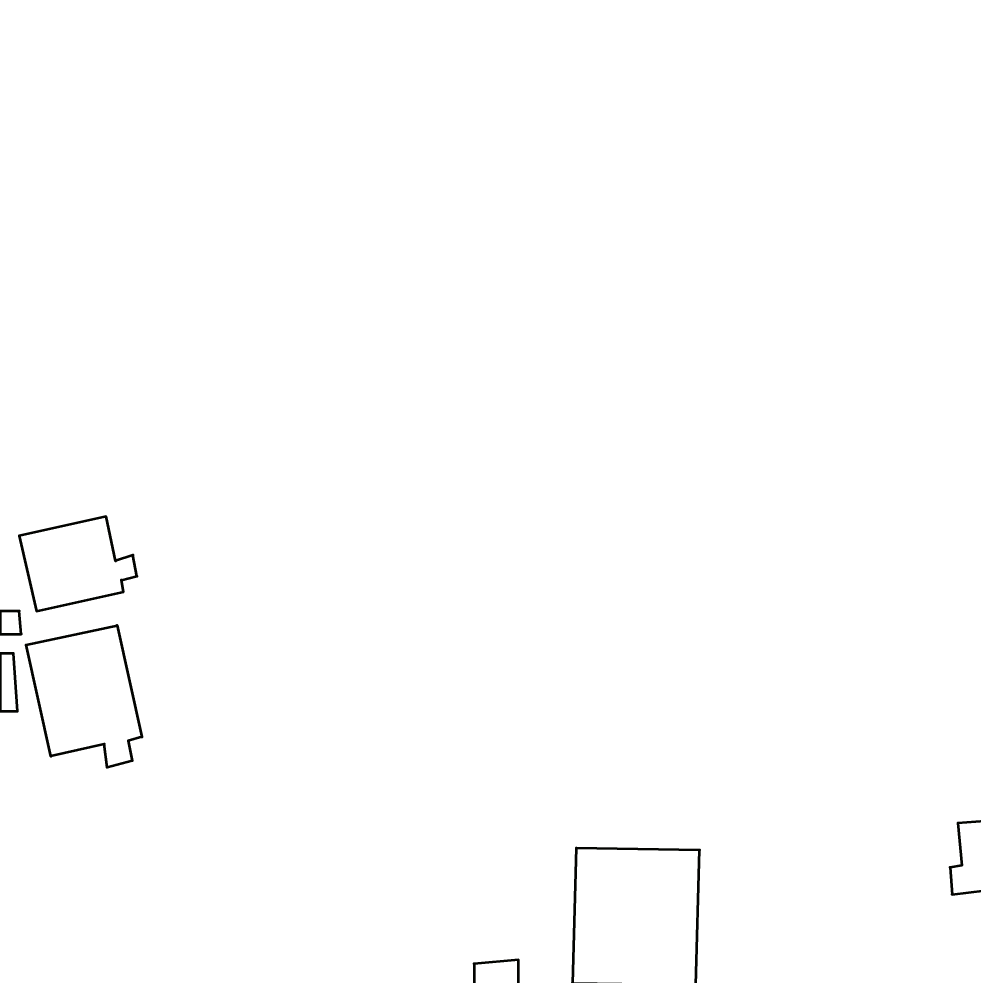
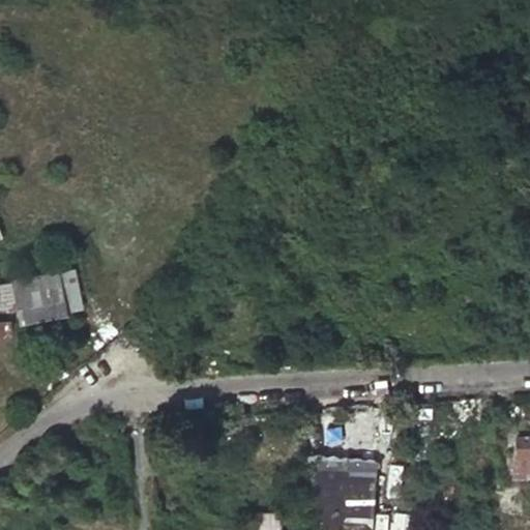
building: [26,625,142,767] -> none

